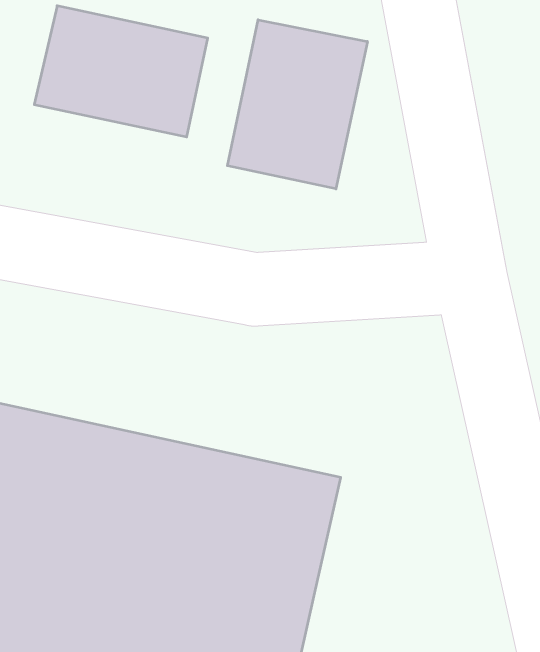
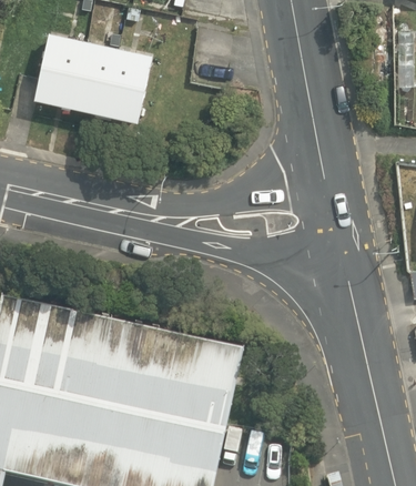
building: [227,20,367,189] -> none

